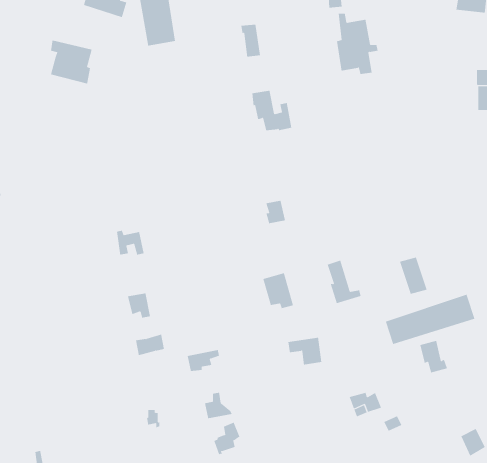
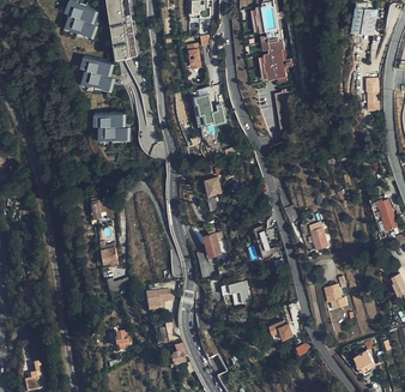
building: [50,40,93,84] -> [85,56,117,90]
building: none -> [93,113,129,139]
building: [385,294,475,345] -> none

